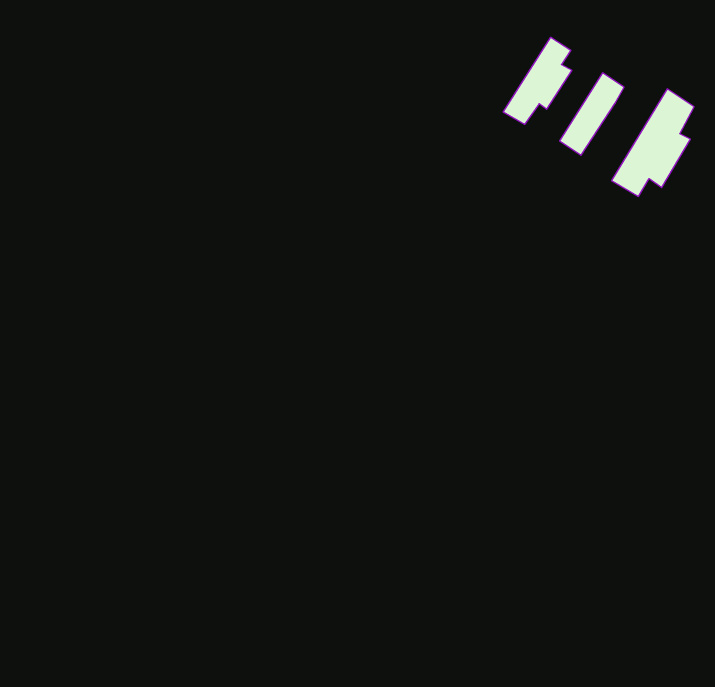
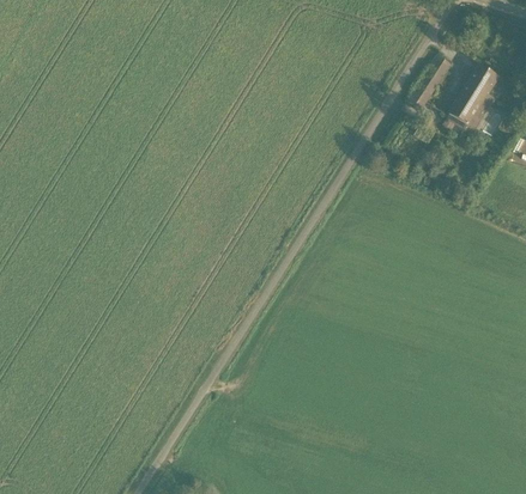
building: [503,37,572,124] -> none

